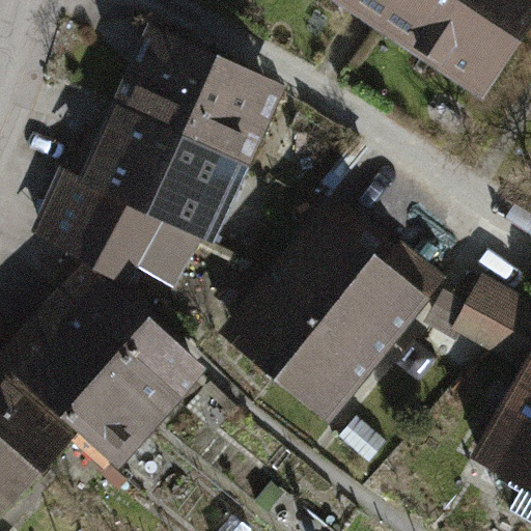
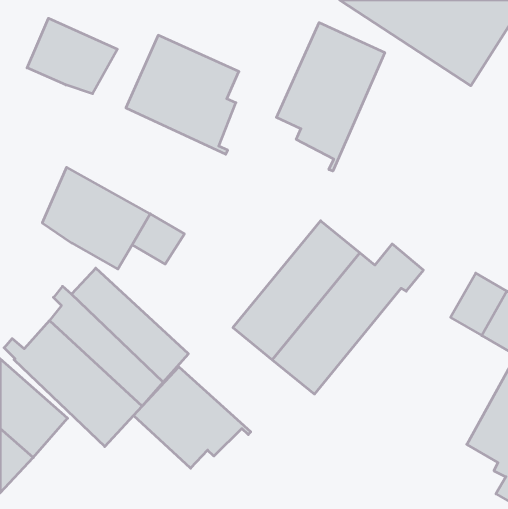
building: none -> [27,18,117,94]
building: none -> [276,23,385,171]
building: [103,117,240,241] -> none
building: none -> [133,367,251,468]

